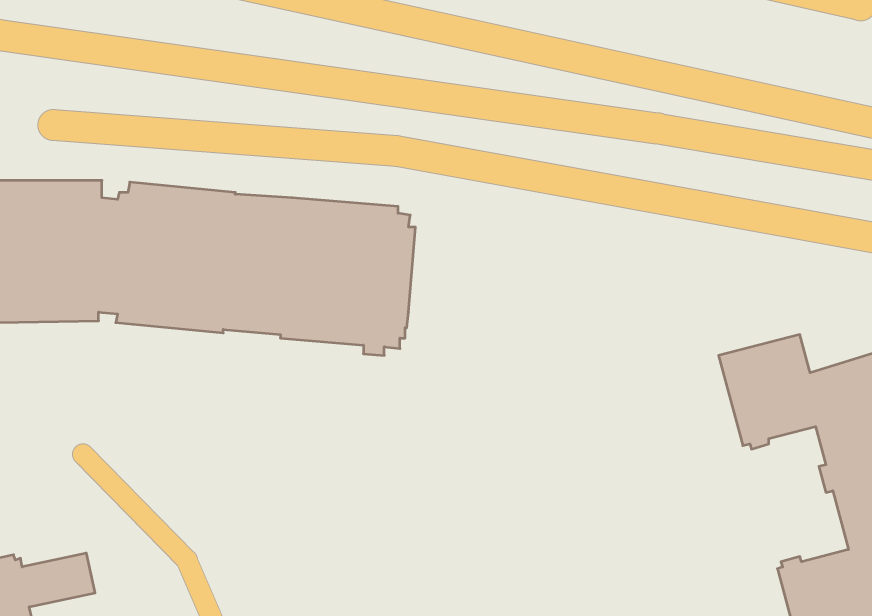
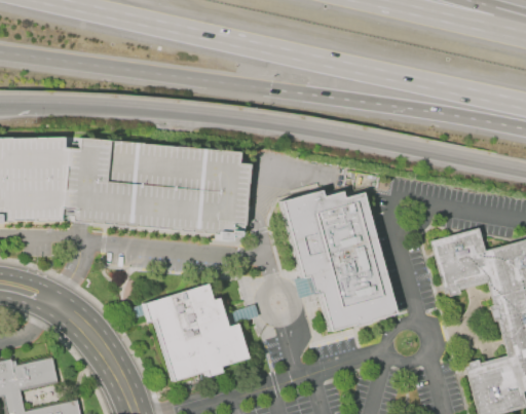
building: none -> [281,190,396,331]
building: none -> [135,284,260,381]

